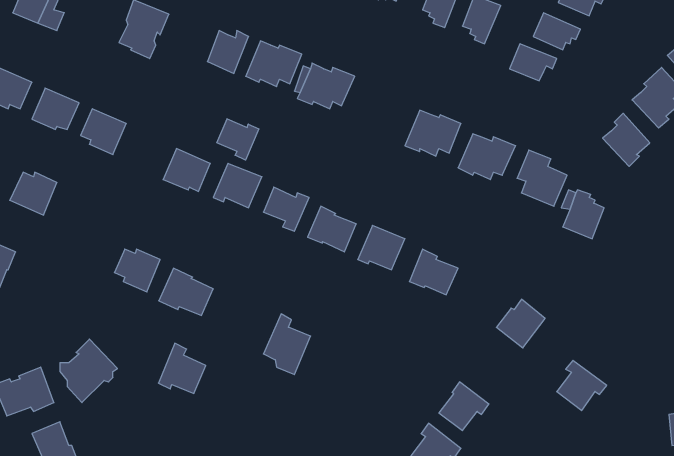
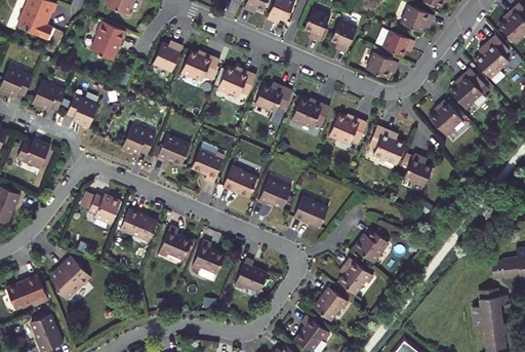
building: none -> [255,83,293,112]
building: [217,119,259,160] -> none
building: none -> [234,257,268,291]
building: [158,343,206,393] -> [160,224,193,259]
building: [557,360,607,411] -> [339,258,374,292]

